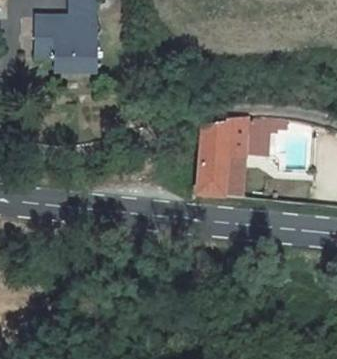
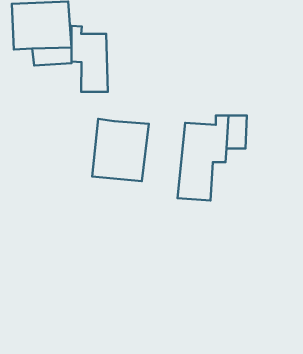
building: none -> [71,26,108,92]
building: none -> [92,119,149,181]

